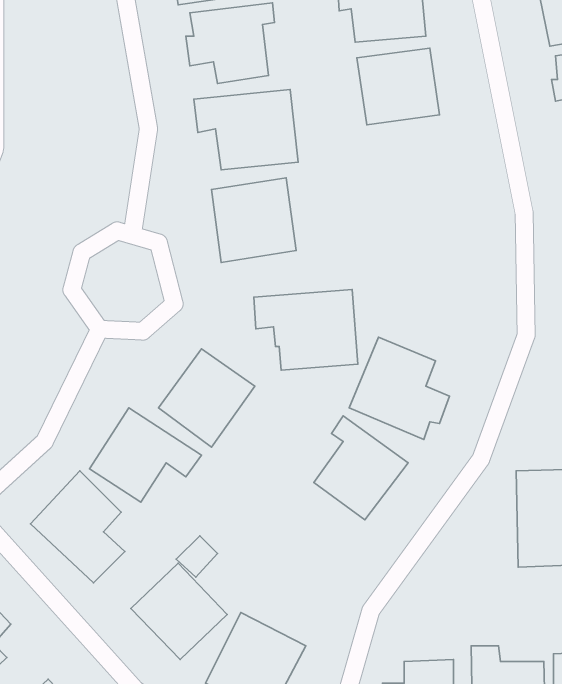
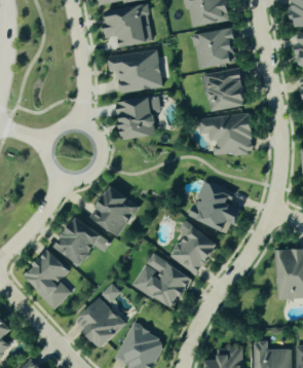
building: none -> [203,68,245,111]
building: [254,289,358,370] -> [198,113,253,155]
building: none -> [131,253,192,309]

